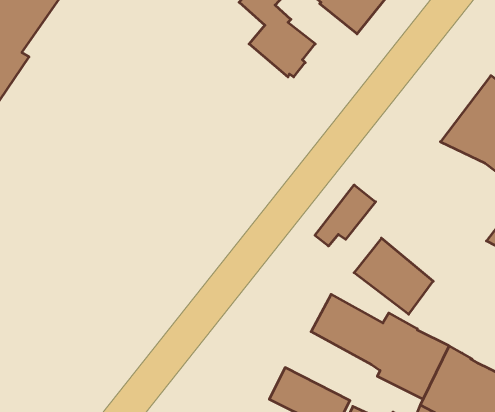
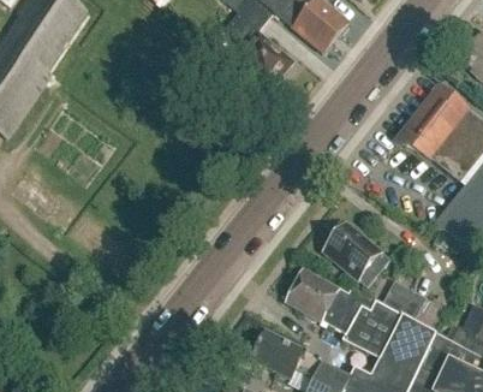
building: [315,185,376,246] -> none
building: none -> [376,283,425,317]

